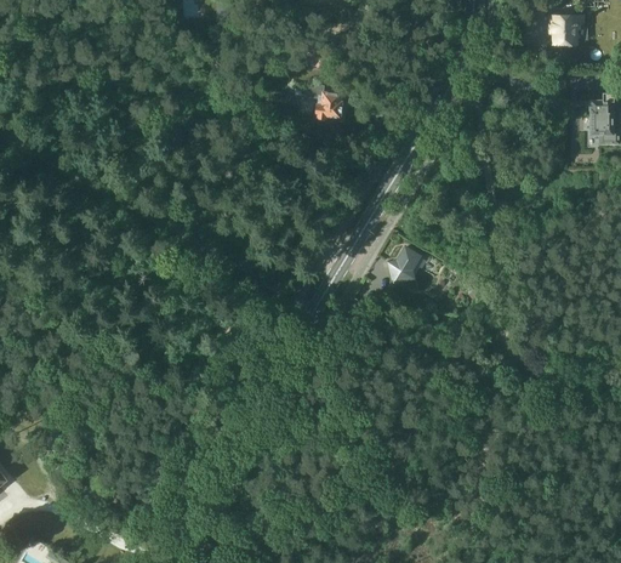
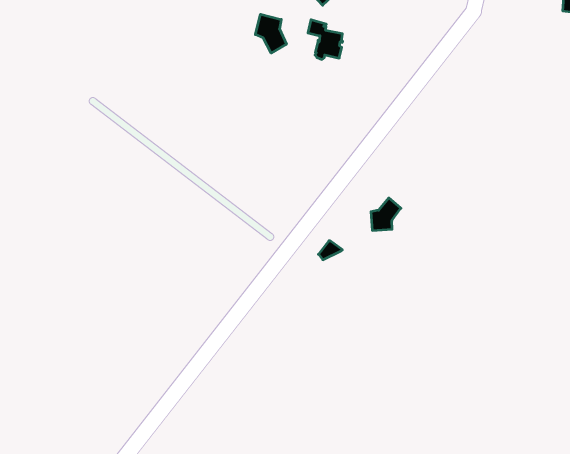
building: none -> [255,14,286,53]

